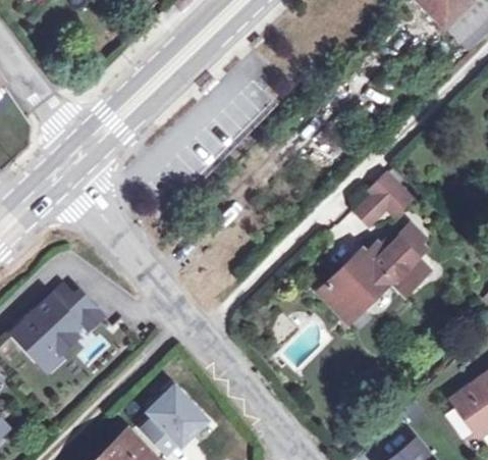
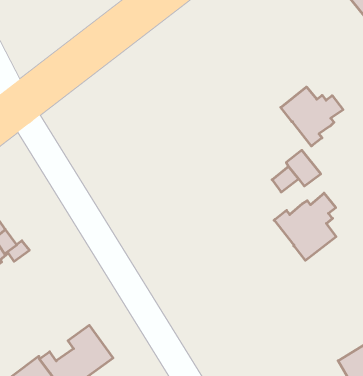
building: none -> [281,87,343,146]
building: [318,250,388,320] -> none

